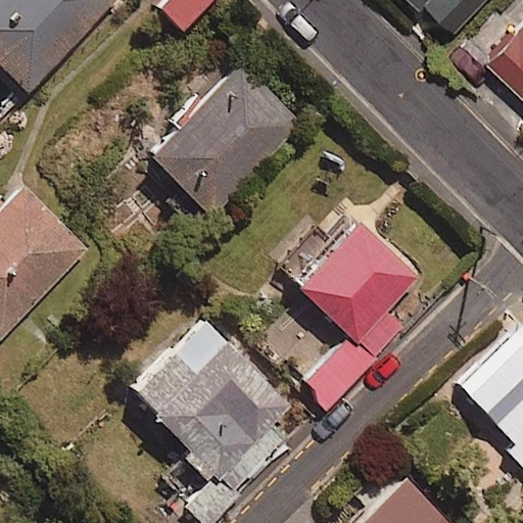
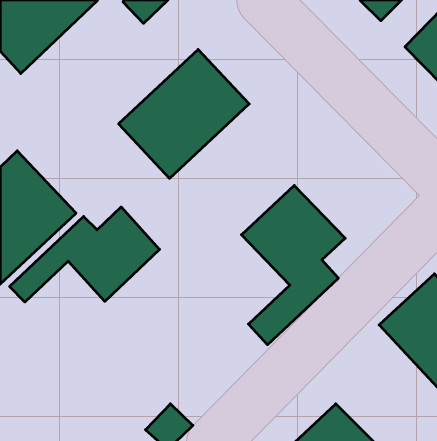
building: none -> [10,207,160,302]
building: [146,340,285,478] -> none

